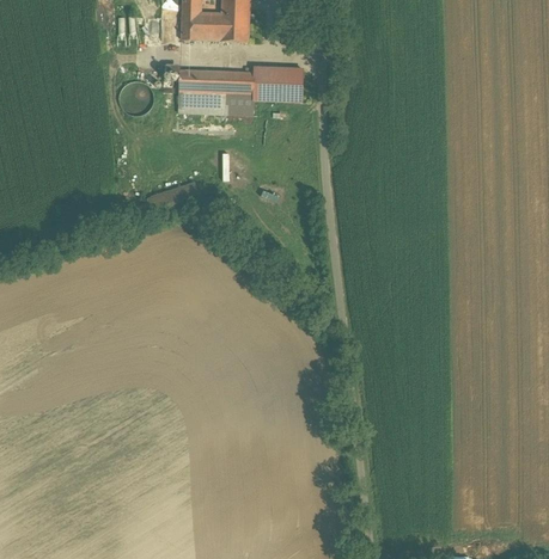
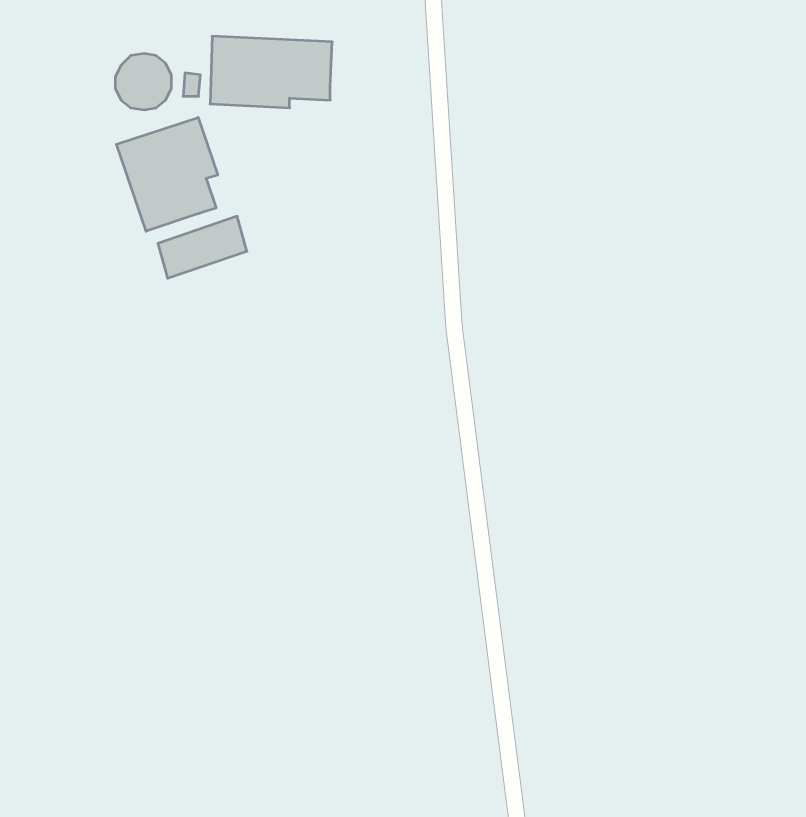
building: [251,66,301,100] -> none
building: none -> [116,117,218,231]

